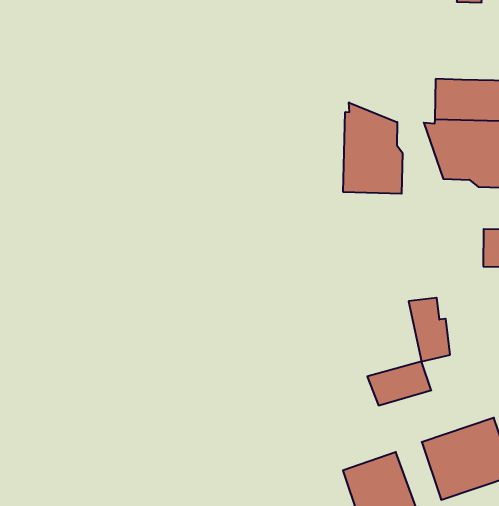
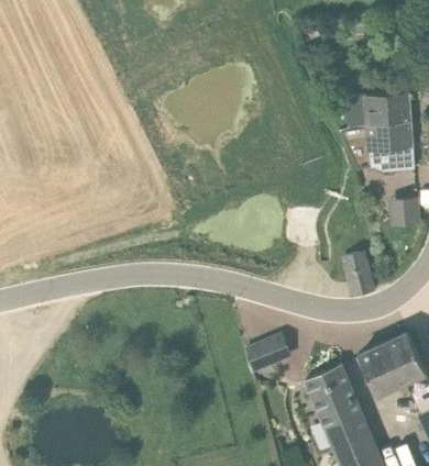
building: [343,102,403,194] -> none
building: [367,361,431,405] -> [244,335,290,369]

